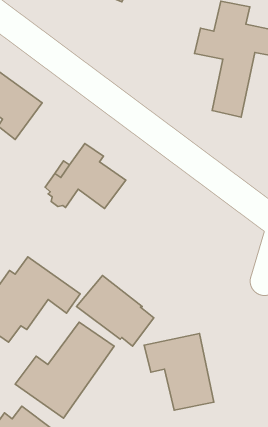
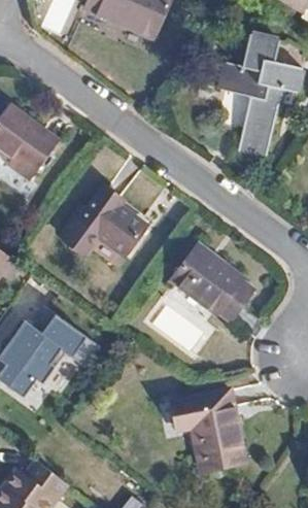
building: [76,275,154,346] -> [171,244,253,319]
building: [15,322,114,418] -> none

